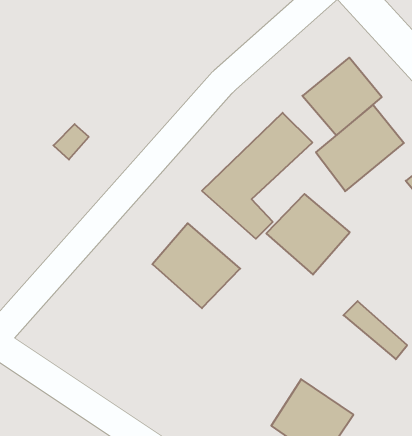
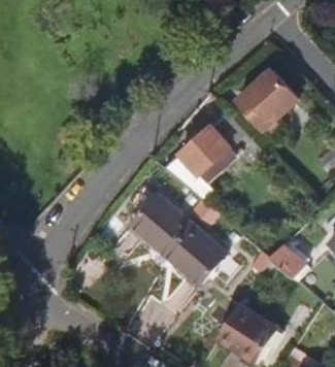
building: [316,105,404,191] -> none
building: [266,194,350,275] -> [166,225,227,283]

